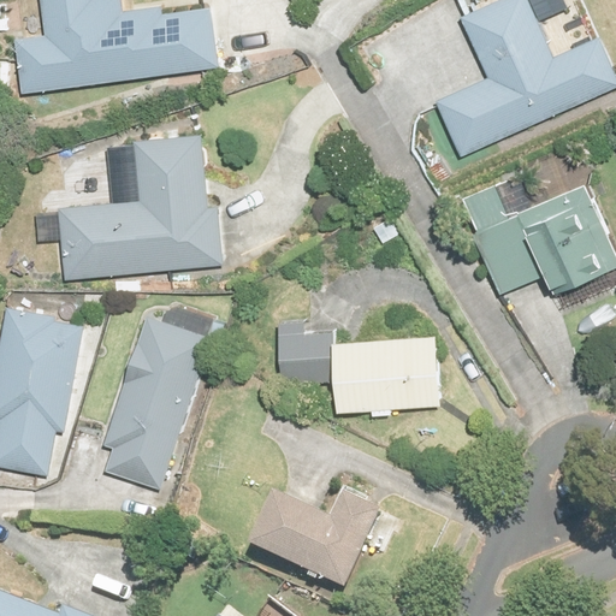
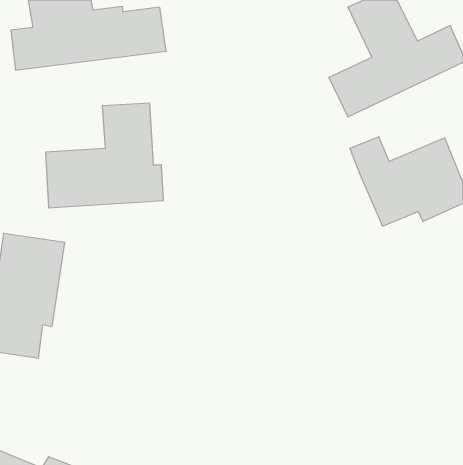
building: [102,303,217,487] -> none
building: [278,319,437,408] -> none
building: [250,491,399,591] -> none

